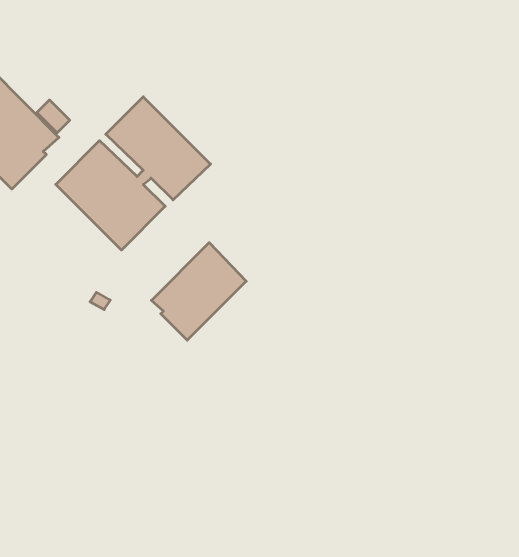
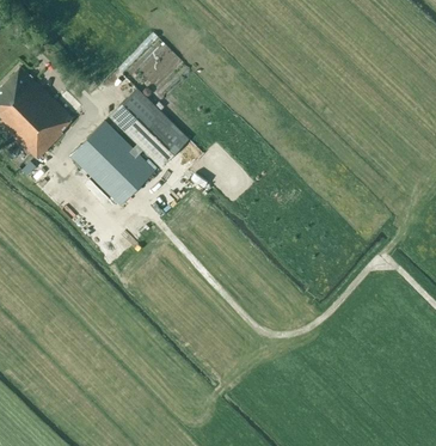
building: [151,243,246,340] -> none

